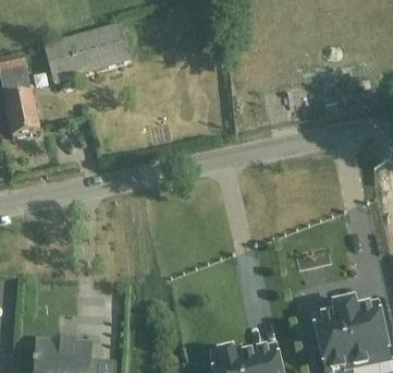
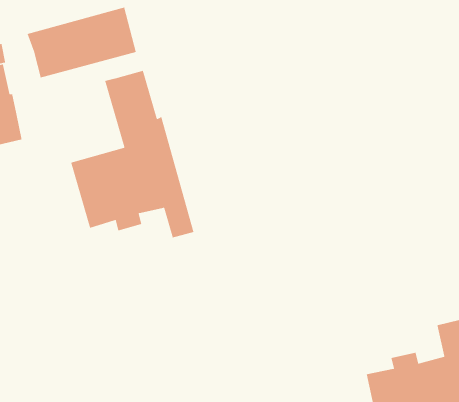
building: none -> [70,70,194,238]

